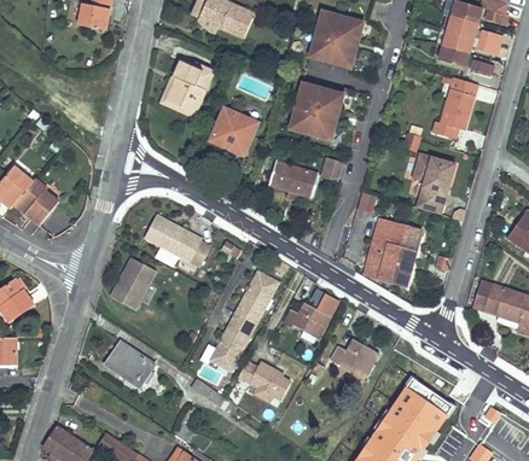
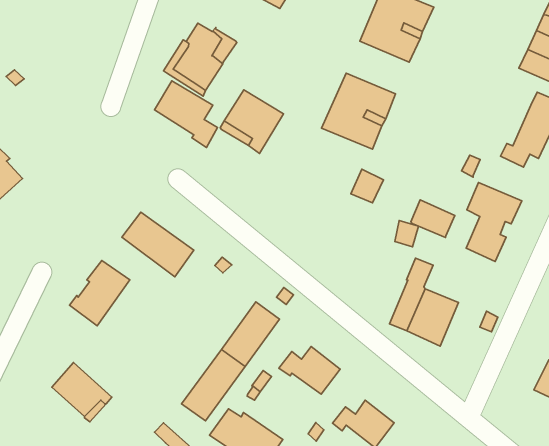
building: none -> [154,81,218,147]
building: [268,161,314,198] -> none
building: [386,224,420,251] -> [411,200,455,237]

